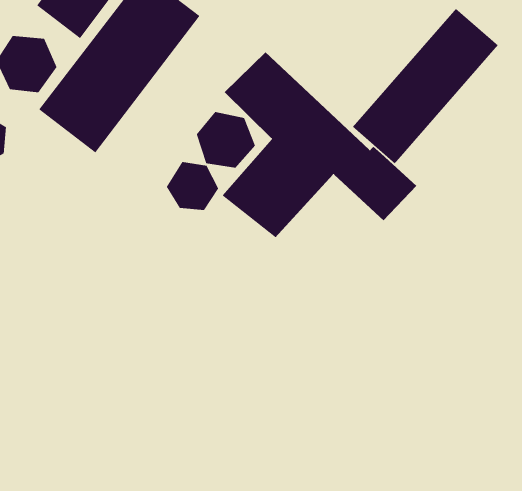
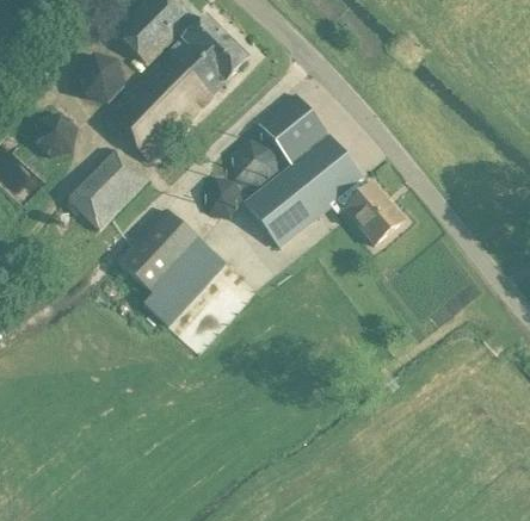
building: [352,8,499,164] -> none
building: none -> [69,148,150,229]
building: none -> [109,207,227,321]

